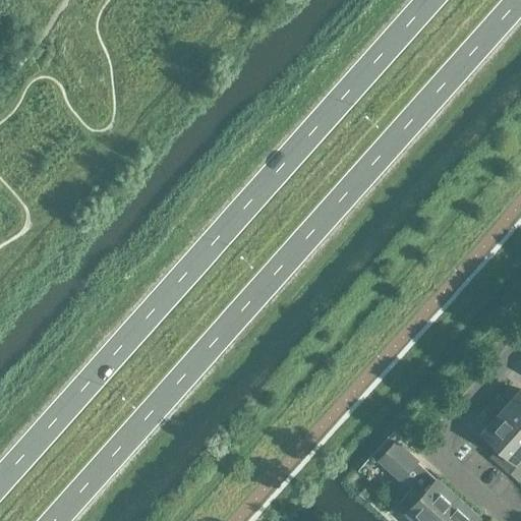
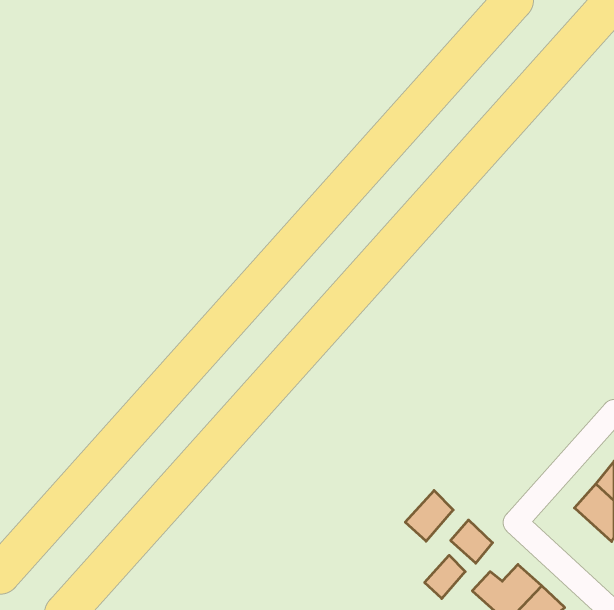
building: none -> [405,490,453,541]
building: none -> [425,555,465,599]

